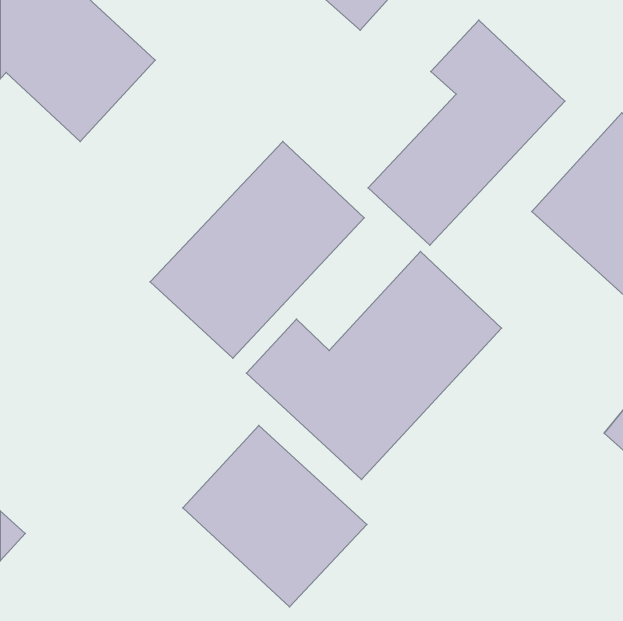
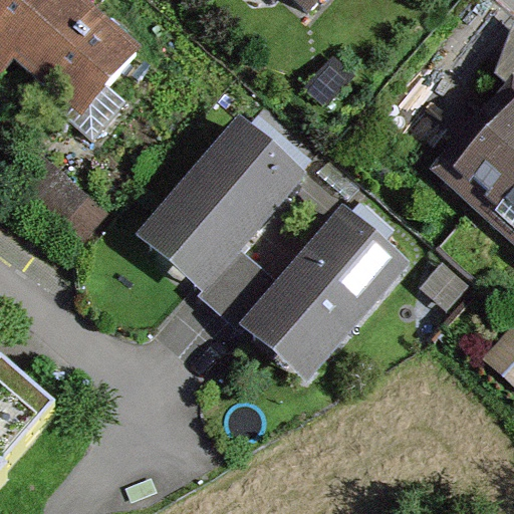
building: [368,20,565,245] -> none
building: [183,426,367,607] -> none

